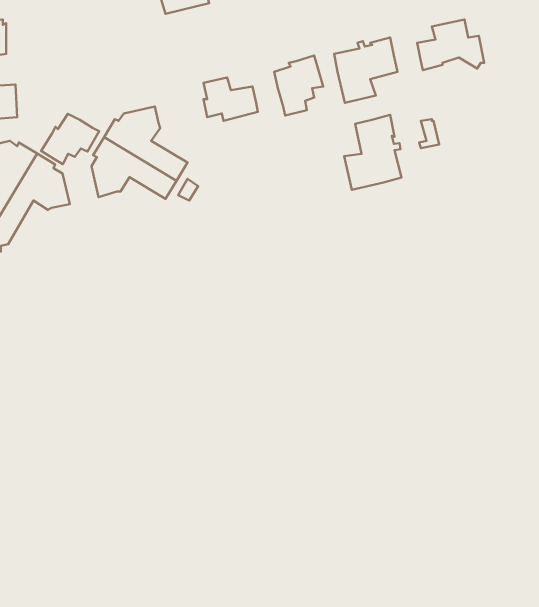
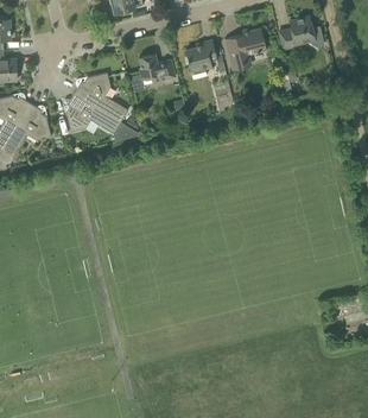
building: [41,114,99,164] -> none
building: [344,115,402,190] -> none

